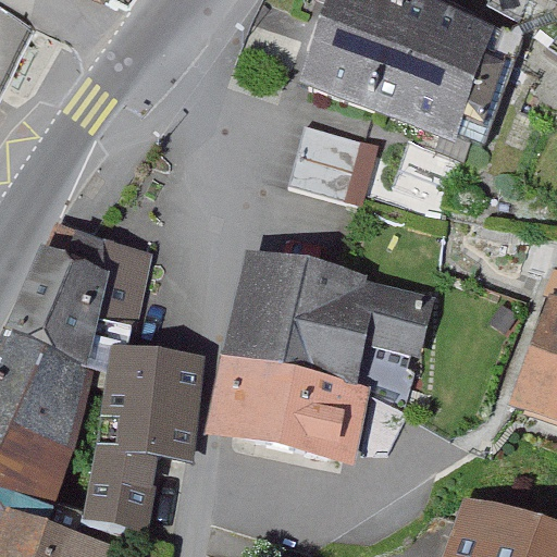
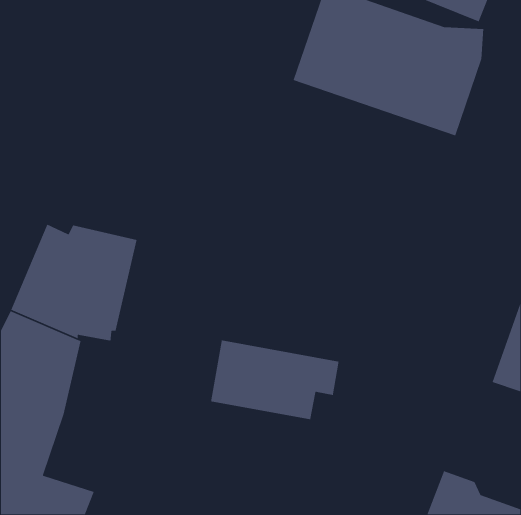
building: [288,125,366,201] -> none
building: [236,250,426,397] -> none
building: [89,354,198,522] -> none

